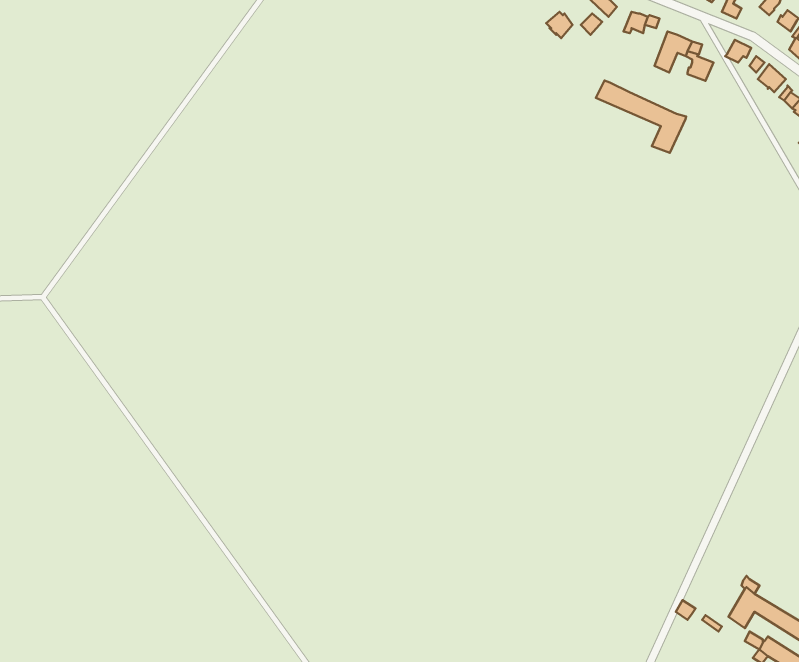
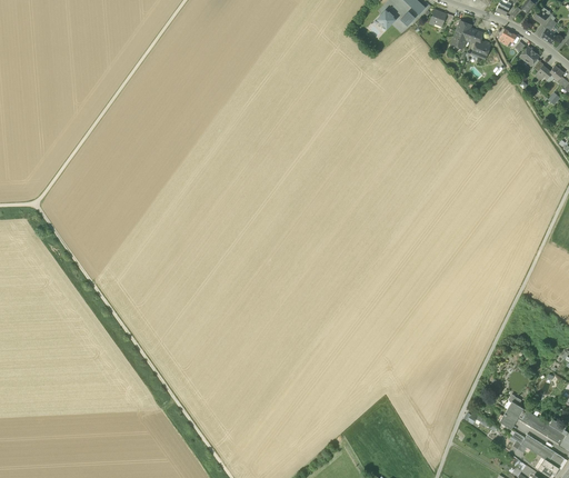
building: [596,81,686,153] -> none

